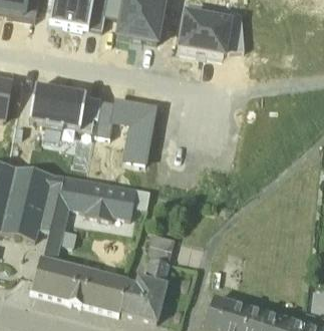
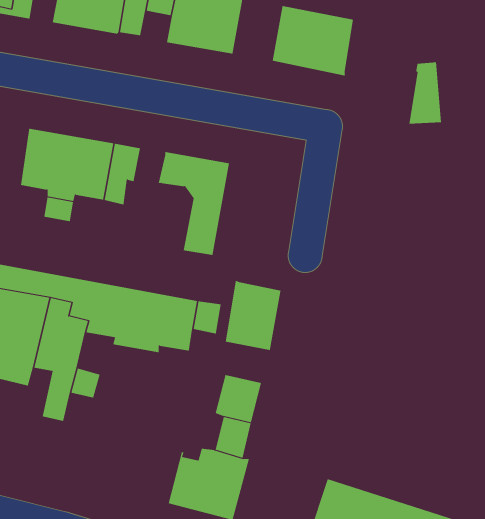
building: [224,14,244,51] -> [408,62,442,124]
building: [94,99,115,137] -> none
building: none -> [225,280,281,351]
building: [31,257,124,312] -> none

